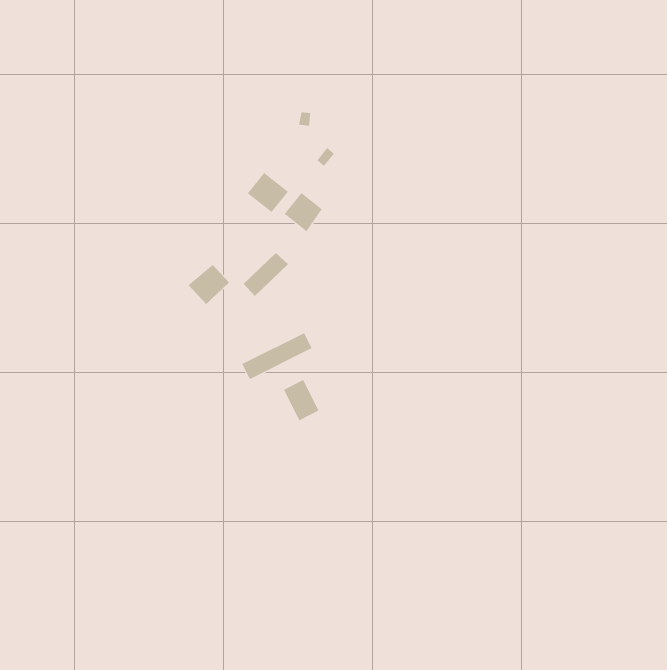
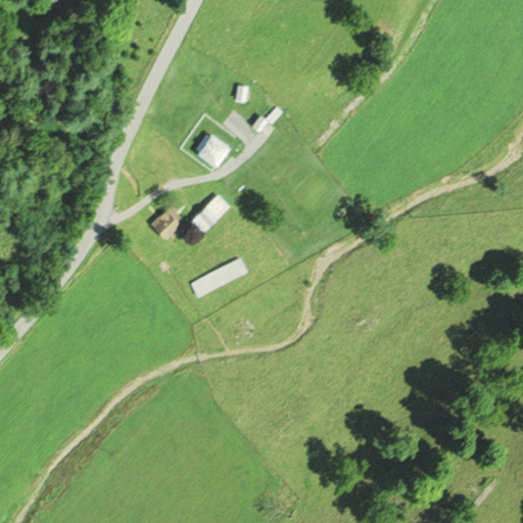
building: [284,192,322,232] -> none
building: [283,379,319,421] -> none

